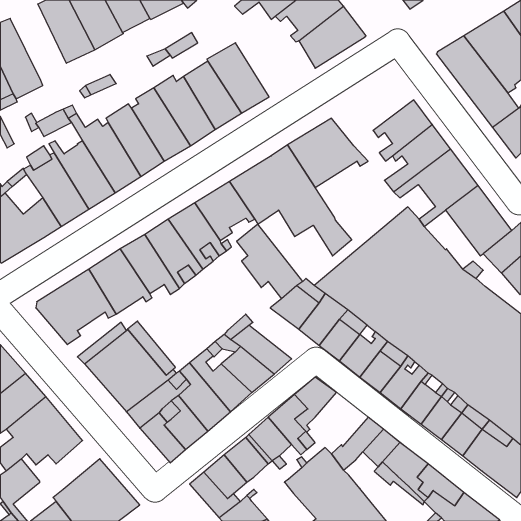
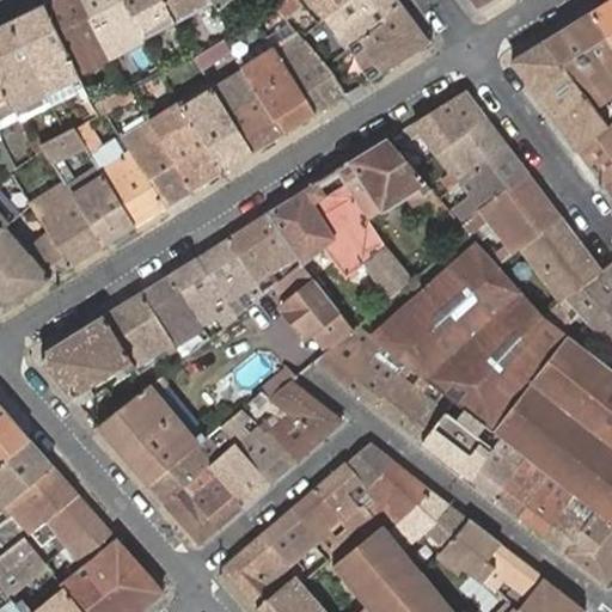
building: none -> [12,5,90,102]
building: none -> [274,32,347,114]
building: none -> [403,90,485,153]
building: none -> [360,460,432,532]
building: none -> [66,516,117,574]

